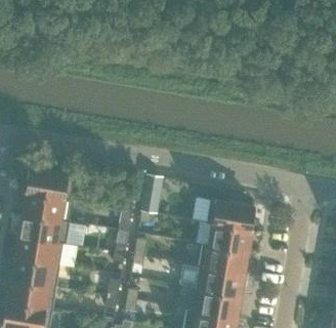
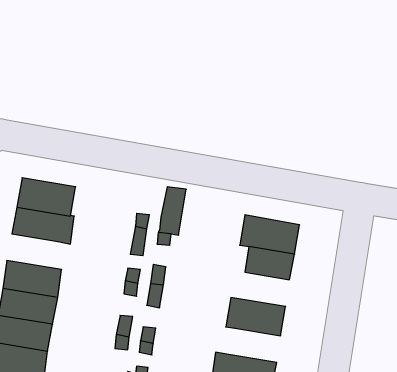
building: [18,215,70,245] -> none
building: [199,245,246,274] -> none
building: [199,291,239,319] -> none

